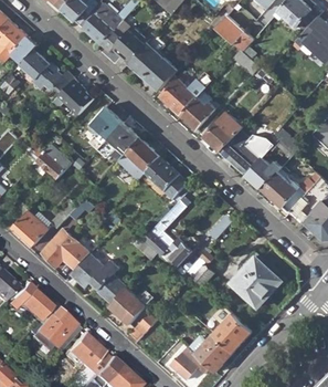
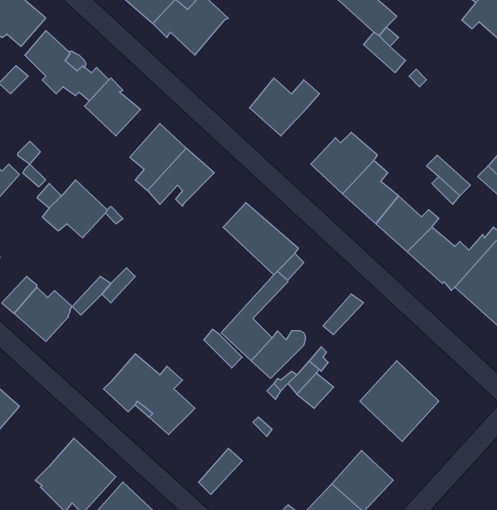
building: [127,41,177,90] -> none
building: [181,96,215,128] -> none
building: [120,137,159,176] -> none
building: [41,231,88,269] -> none
building: [11,282,51,322] -> none
building: [108,287,145,323] -> none

